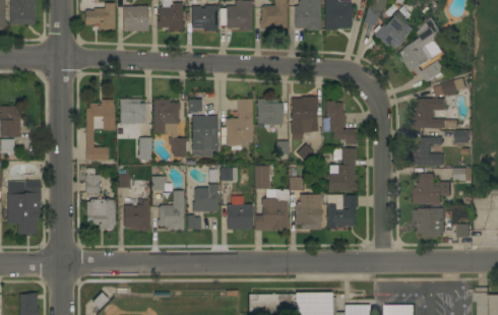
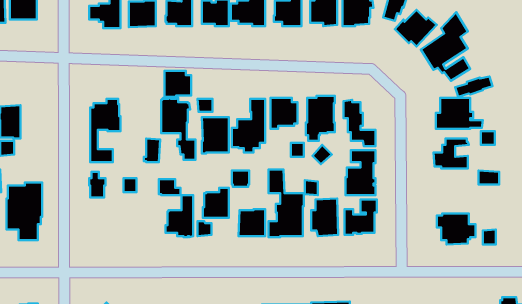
building: [120,100,145,124] -> [164,71,191,97]
building: [415,174,451,204] -> none
building: [86,199,115,230] -> none
building: [124,200,150,231] -> none

